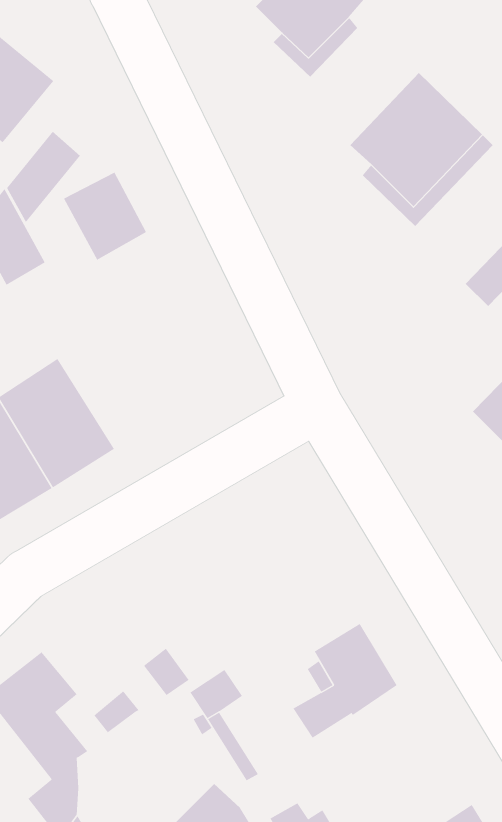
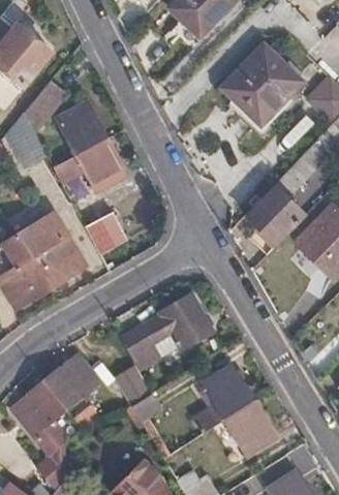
building: none -> [54,137,126,191]
building: none -> [244,184,306,246]
building: none -> [85,211,127,253]
building: none -> [120,292,213,369]
building: none -> [44,353,99,406]
building: none -> [225,399,276,455]

